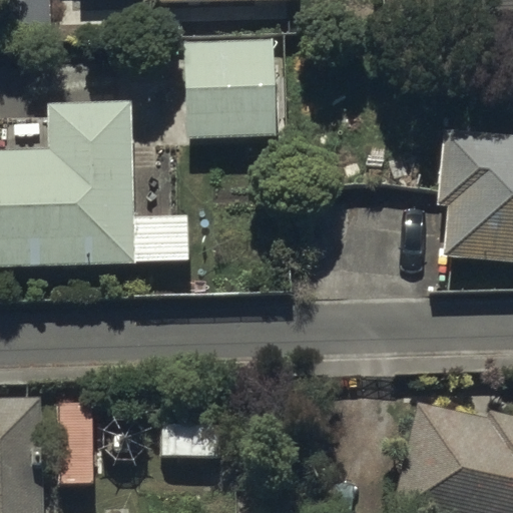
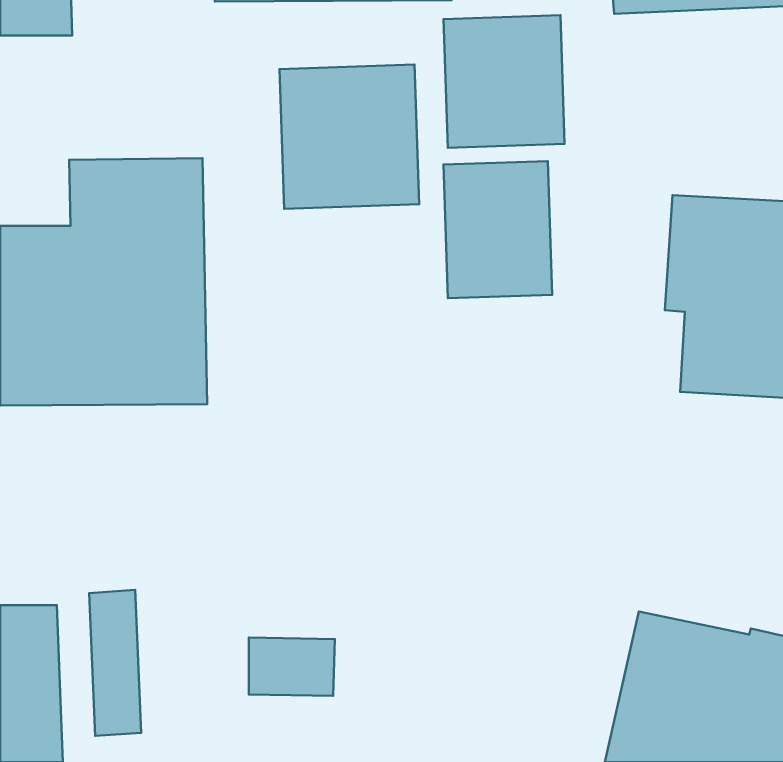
building: none -> [444,15,564,148]
building: none -> [444,161,552,298]

